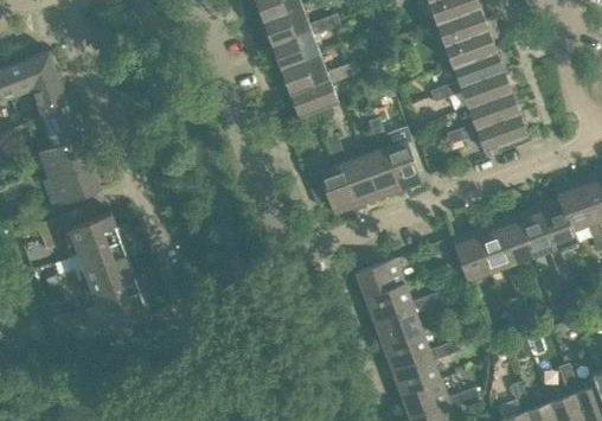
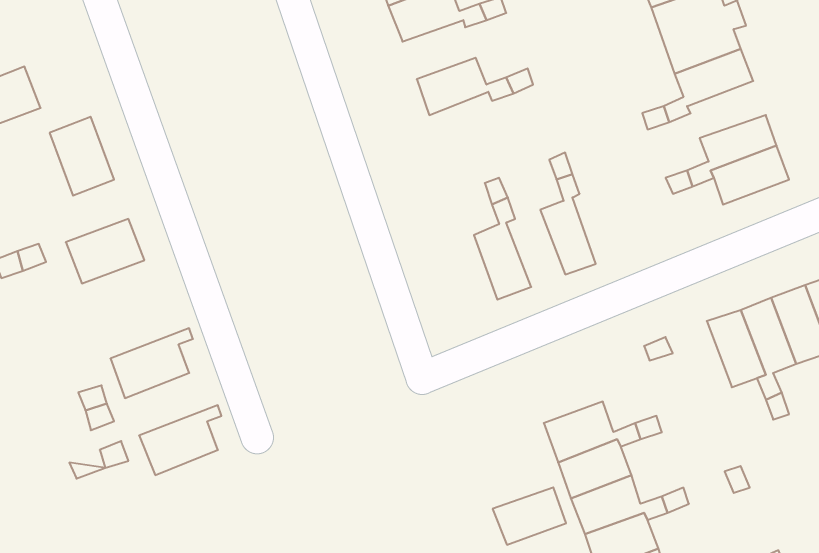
building: [271,31,320,70] -> none
building: [21,52,65,106] -> none
building: [460,71,512,109] -> none
building: [289,78,338,119] -> none
building: [39,136,90,178] -> none
building: [384,140,422,192] -> none
building: [340,157,379,208] -> none
building: [37,205,130,255] -> none
building: [451,230,489,282] -> none
building: [356,260,404,298] -> [493,487,566,545]
building: [88,264,149,306] -> none

